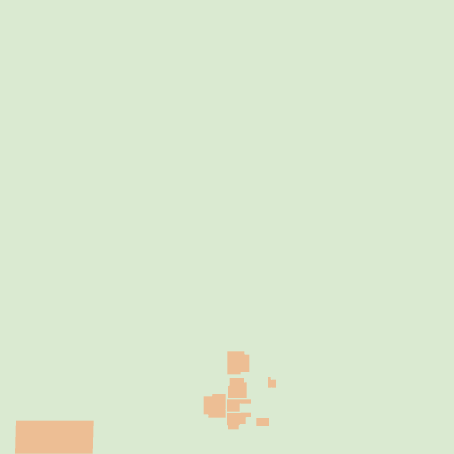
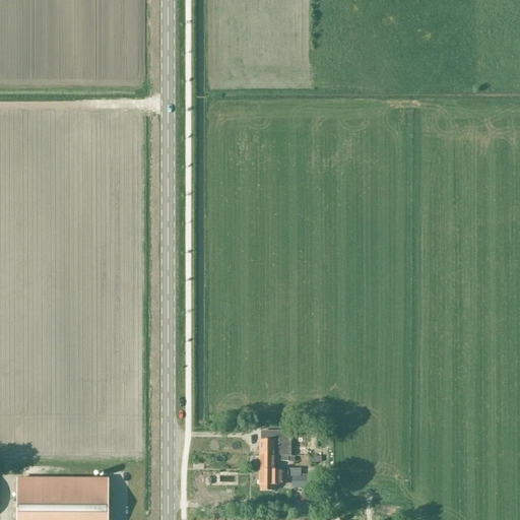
building: [227,351,250,375] -> none
building: [203,393,226,419] -> none

